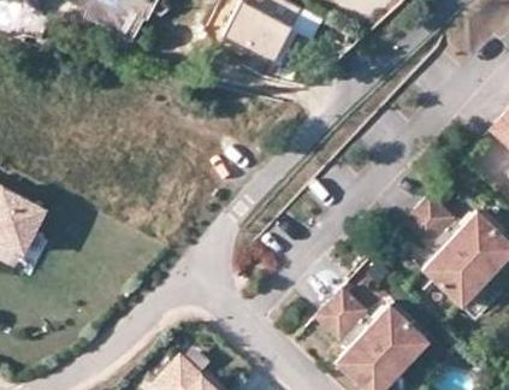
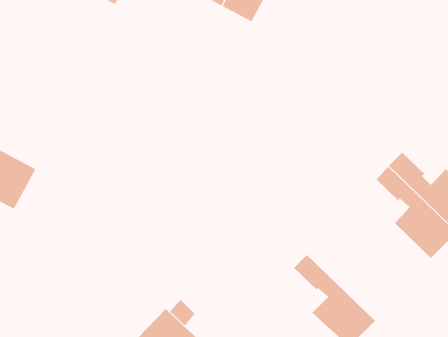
building: [332,286,432,371] -> none

